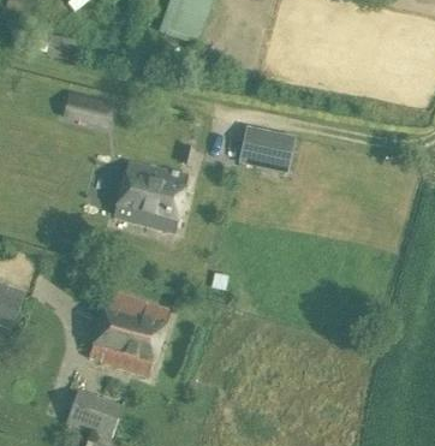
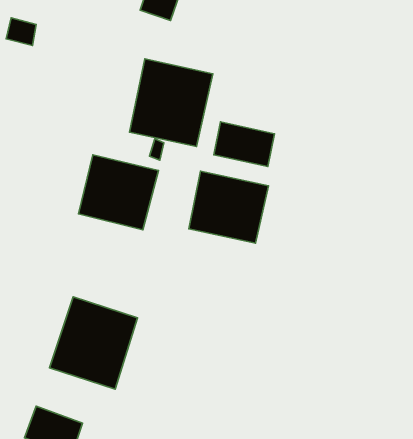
building: none -> [130,59,213,147]
building: none -> [189,171,268,243]

